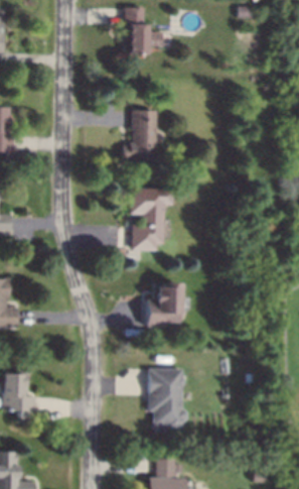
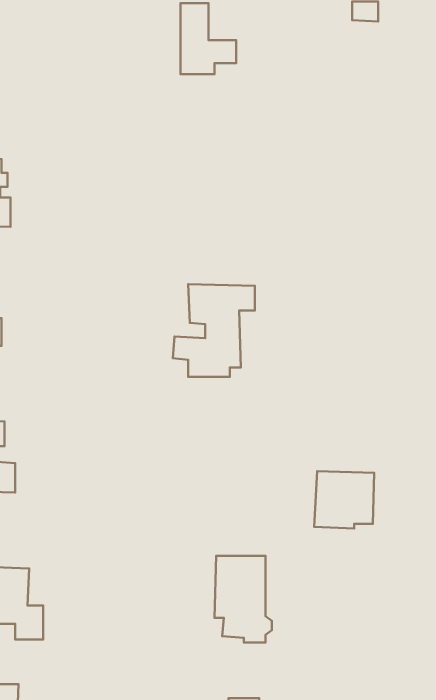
building: [124,111,156,159] -> none
building: [143,291,182,329] -> [314,471,374,528]

